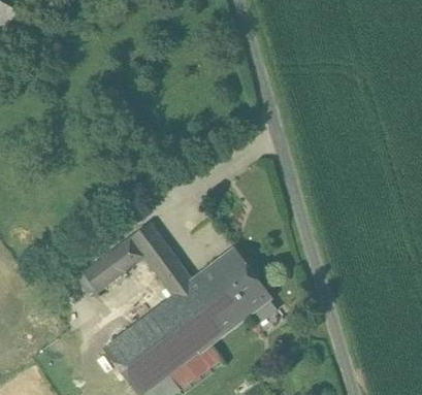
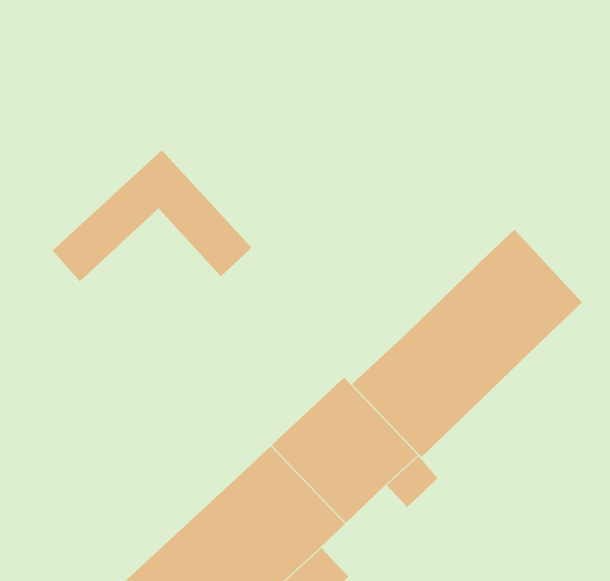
building: none -> [351,229,583,458]
building: [83,222,191,294] -> [52,150,252,282]

